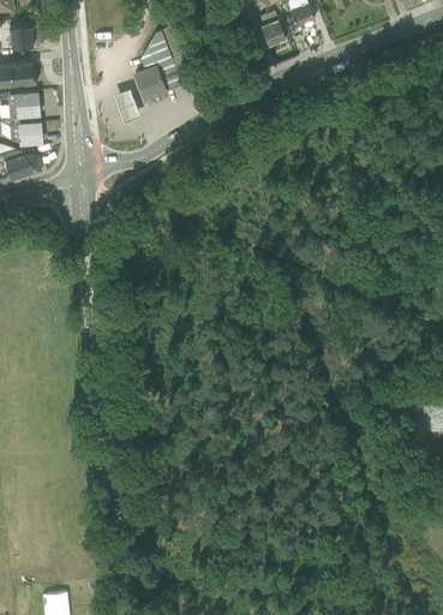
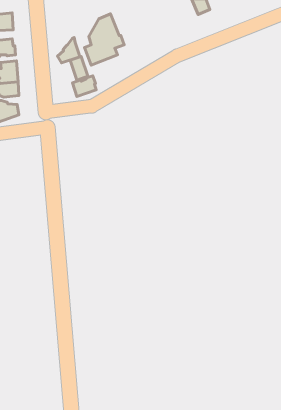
building: [258,12,285,46] -> none
building: none -> [57,38,80,63]
building: none -> [72,76,96,96]

